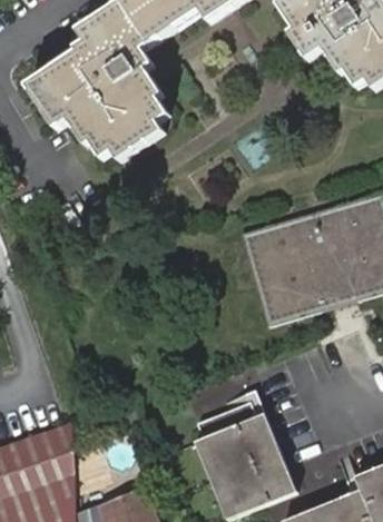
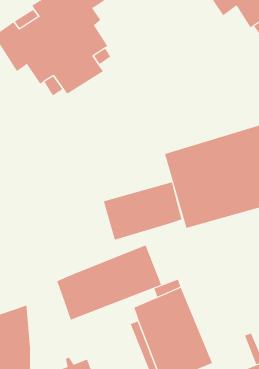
building: none -> [103,181,182,241]
building: none -> [57,244,162,320]

